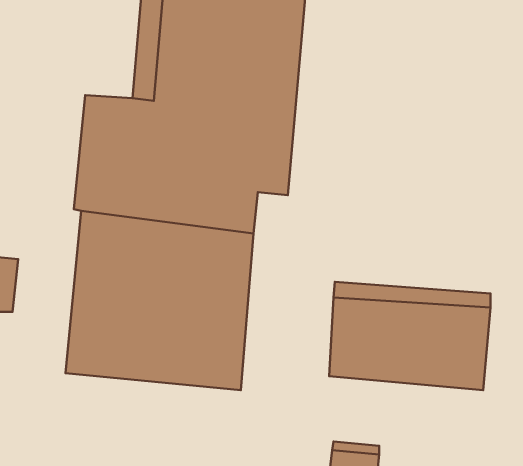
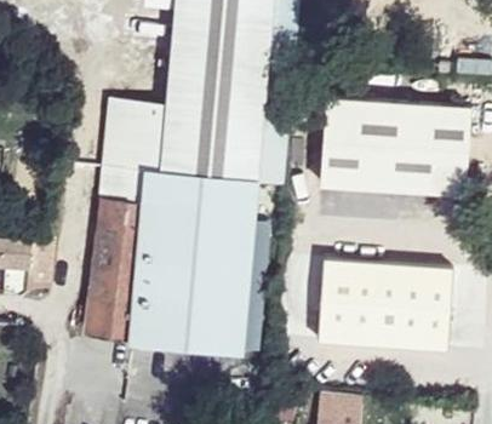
building: none -> [317,99,471,195]

